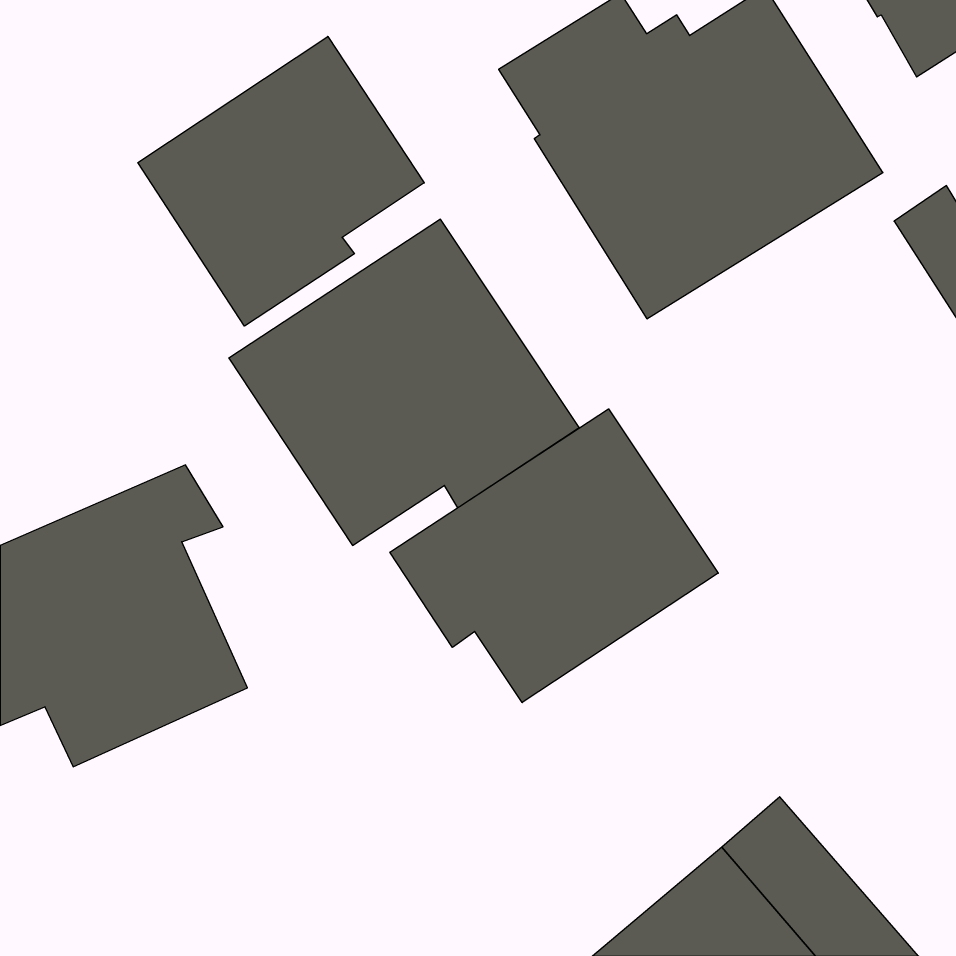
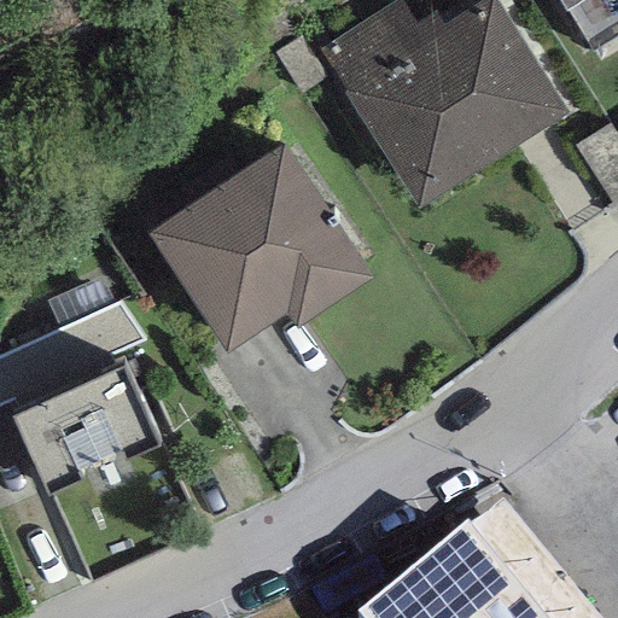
building: [138,36,424,326] -> none
building: [390,409,718,703] -> none

